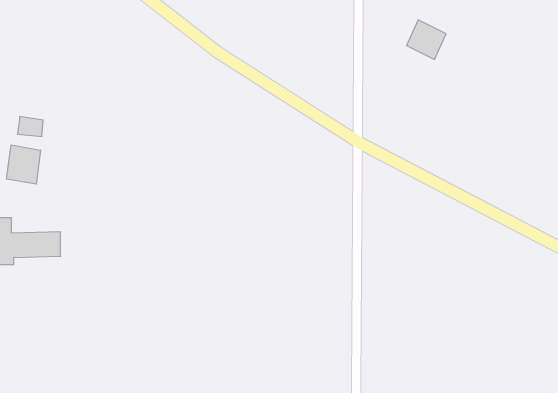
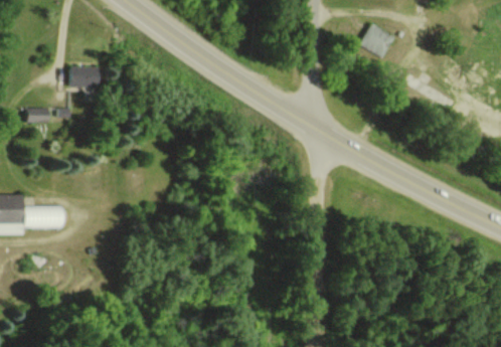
building: none -> [68,65,95,86]
building: [7,145,41,184] -> none

